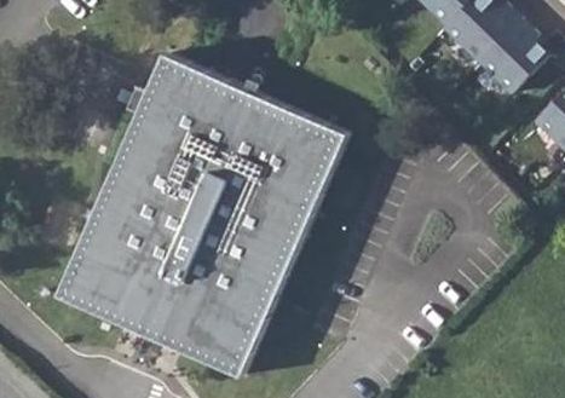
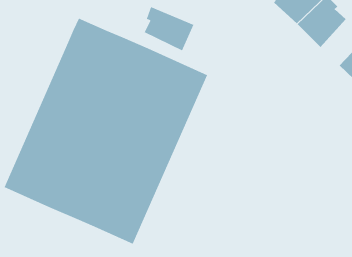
building: none -> [143,6,194,51]

